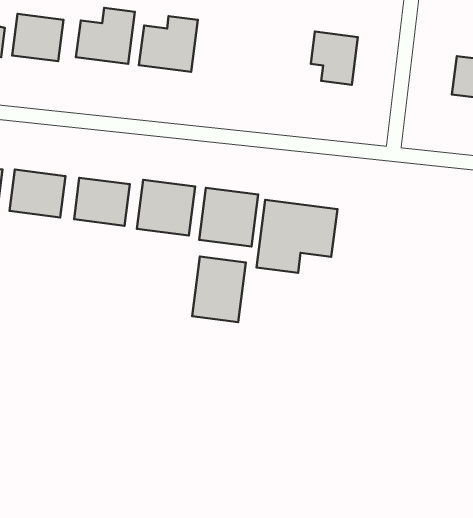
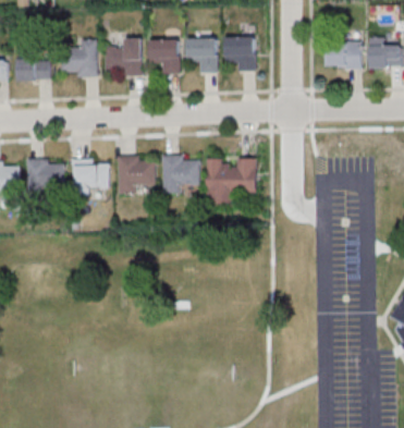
building: none -> [149,40,180,74]
building: none -> [186,38,217,72]
building: [192,257,246,322] -> none

